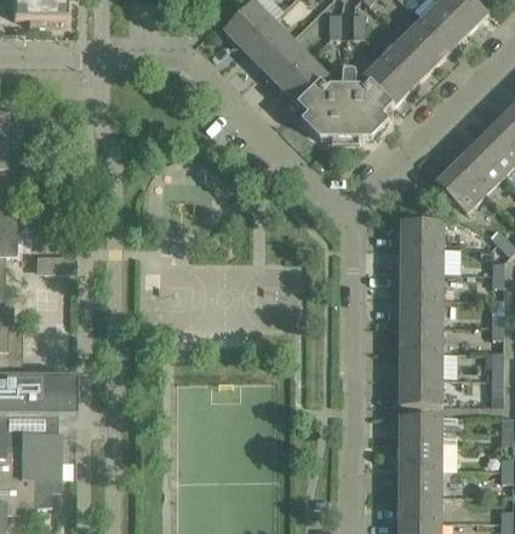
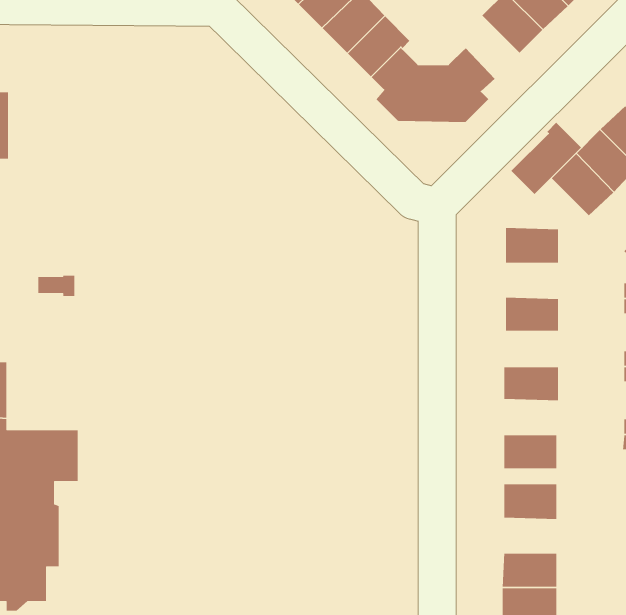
building: [364,56,412,104] -> none
building: none -> [511,122,582,195]
building: [401,246,442,272] -> none
building: [400,298,442,325] -> none
building: [400,350,442,377] -> none
building: [400,441,441,467] -> none

